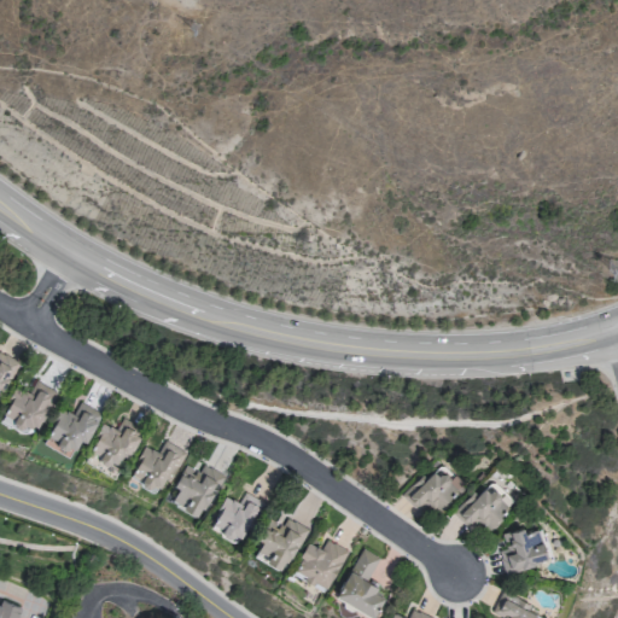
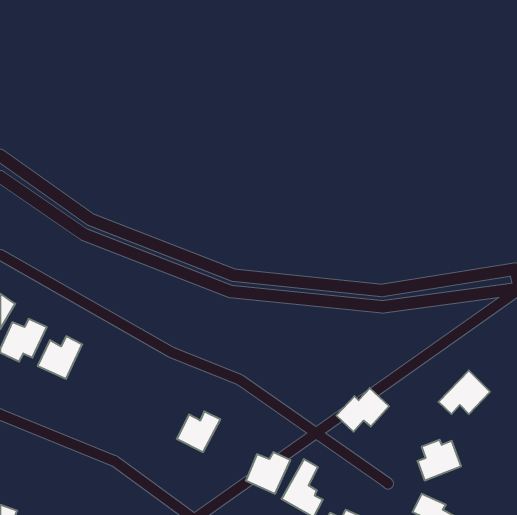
building: [91,422,145,470] -> none
building: [132,443,186,494] -> none
building: [173,466,226,519] -> none
building: [454,480,515,532] -> [438,370,490,414]
building: [258,519,308,572] -> none

